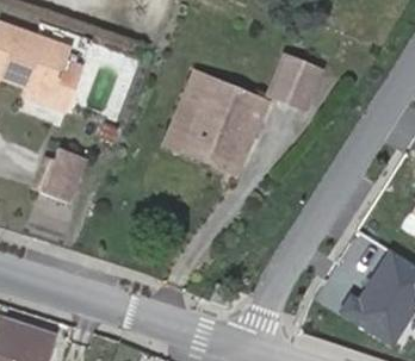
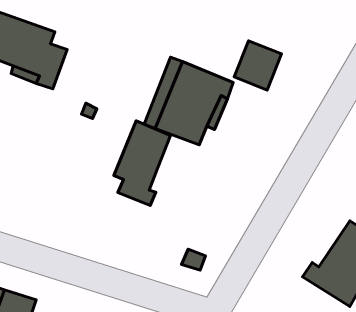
building: none -> [114,121,170,205]
building: [41,144,87,201] -> none

